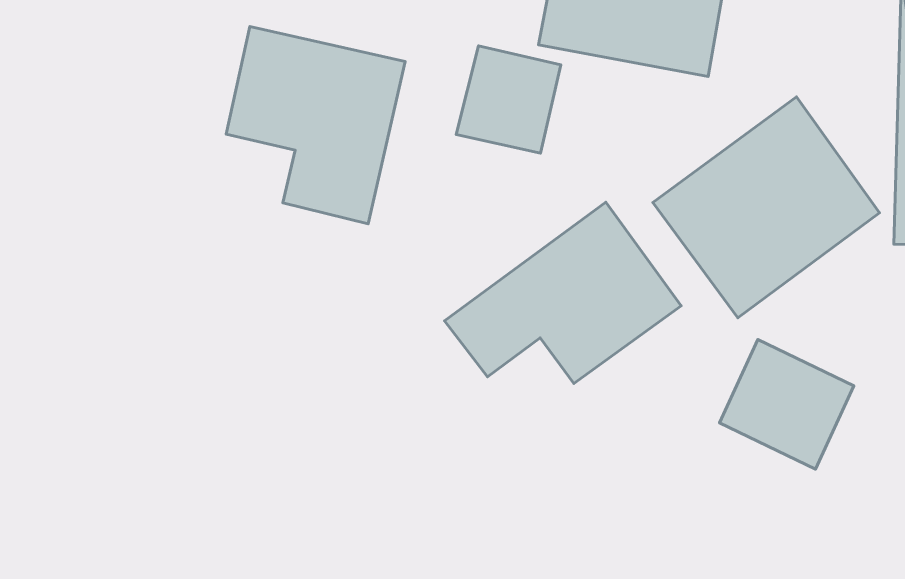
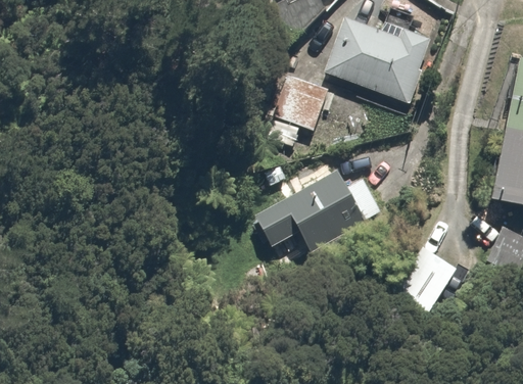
building: [226,27,405,224] -> none
building: [653,97,880,318] -> none

